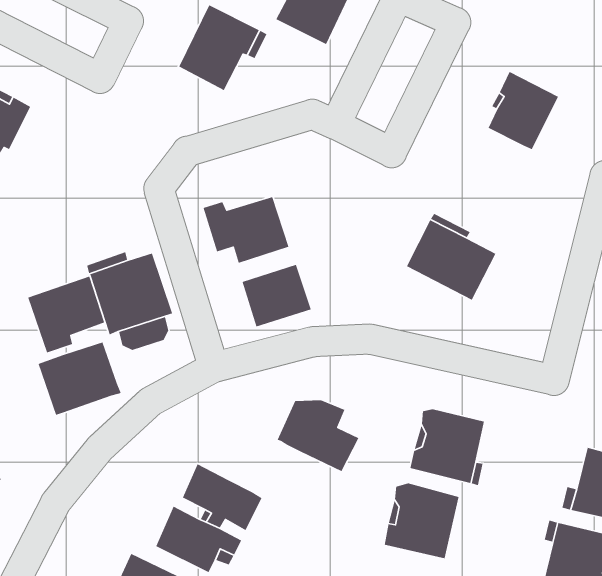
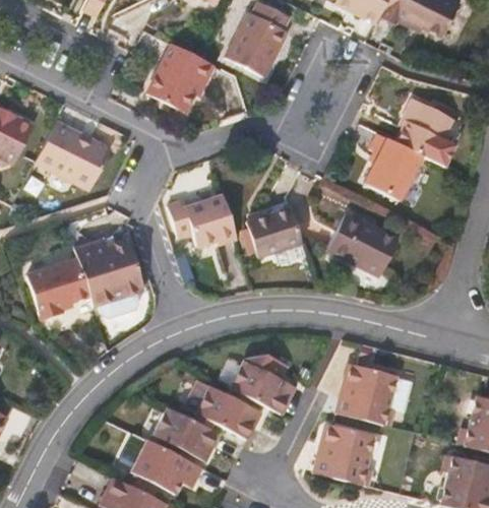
building: none -> [35,121,109,189]
building: none -> [364,132,424,202]
building: [242,264,312,328] -> [249,204,305,255]
building: [38,341,122,416] -> none
building: none -> [183,380,259,439]

